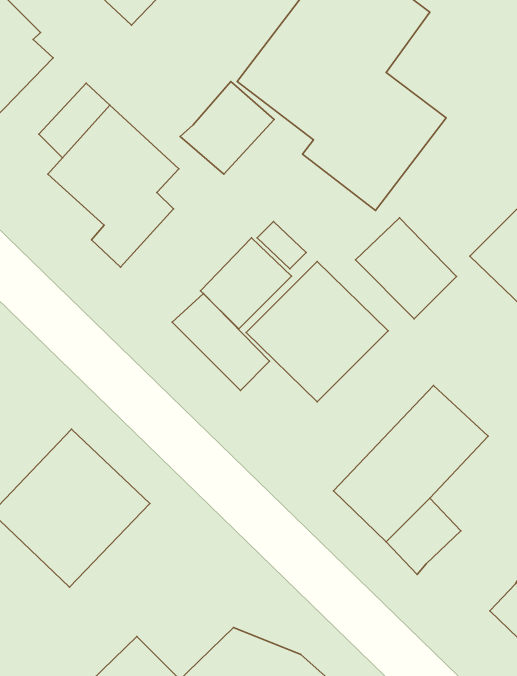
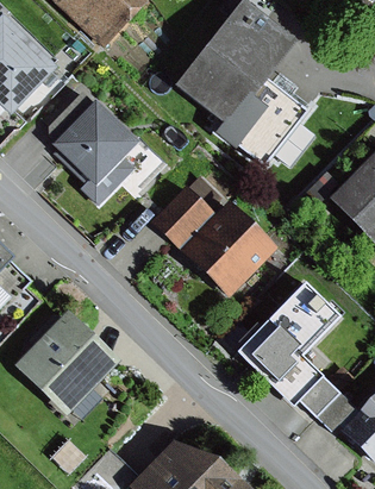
building: [180,82,274,174] -> none
building: [355,218,456,319] -> none
building: [172,294,270,390] -> none
building: none -> [299,378,352,431]

